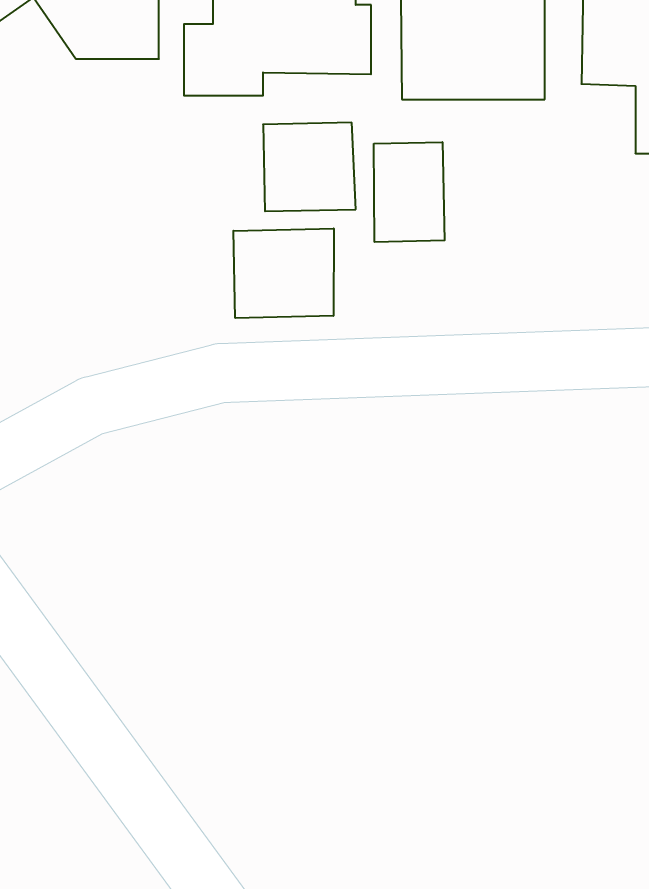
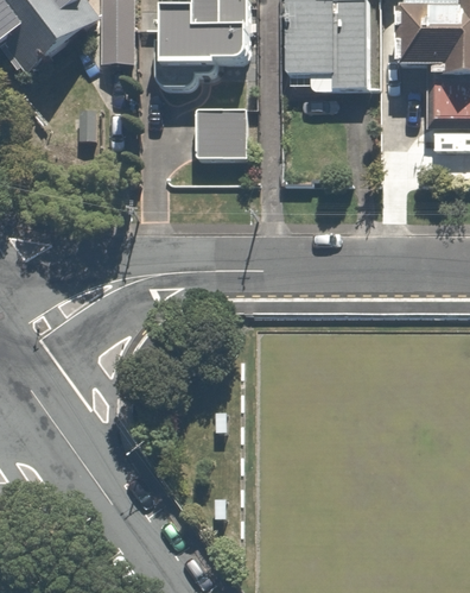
building: [374,142,445,242] -> none
building: [233,228,334,318] -> none

